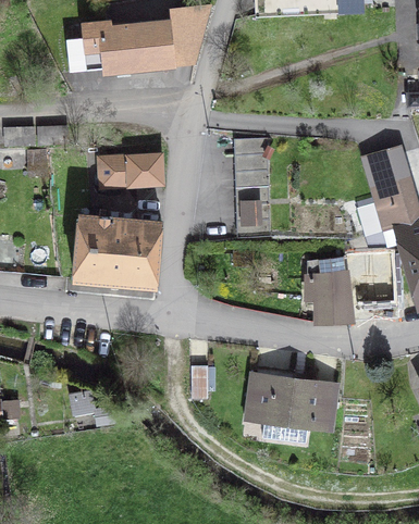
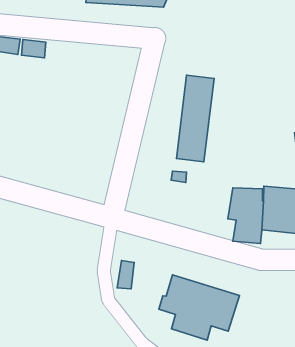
building: [98,154,162,188] -> none
building: [73,215,160,286] -> none

